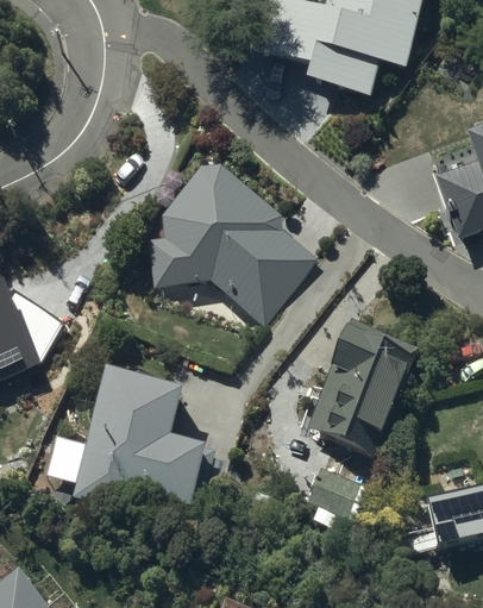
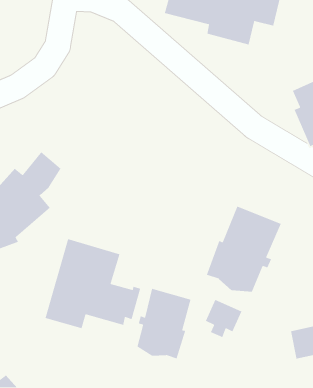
building: [148,158,314,312] -> none
building: none -> [136,288,191,360]

